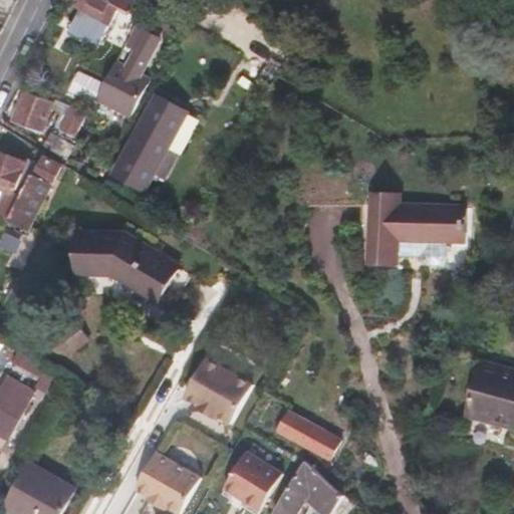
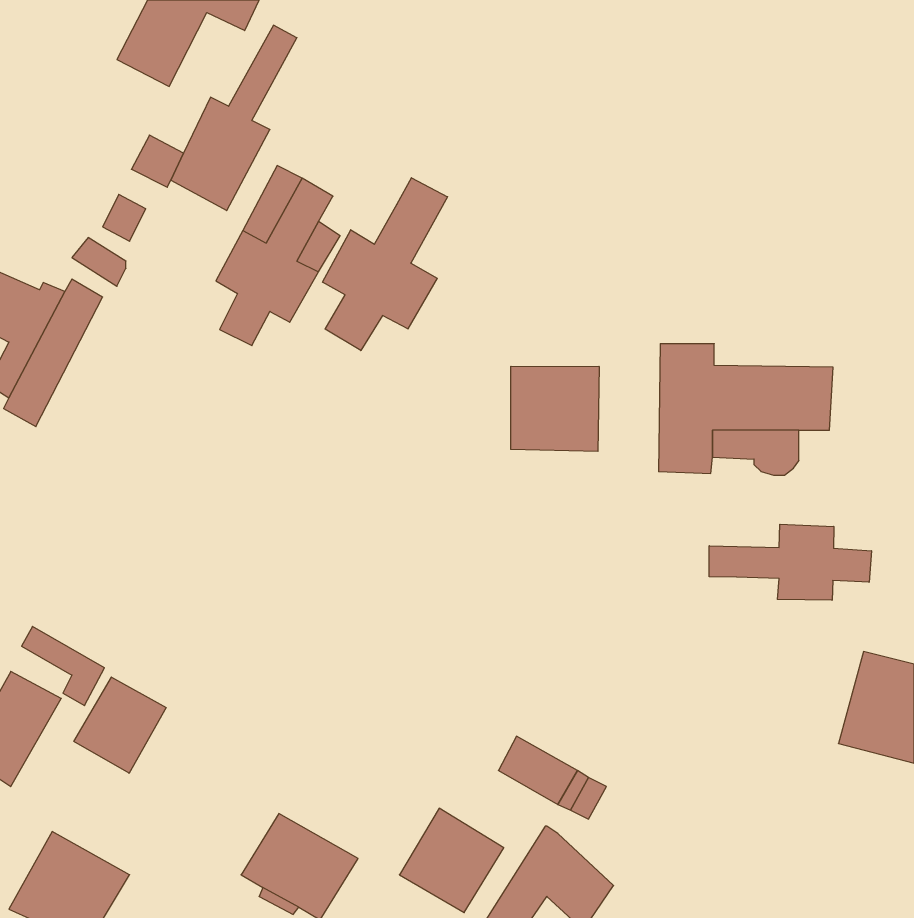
building: [11,92,51,132] -> none
building: none -> [323,178,448,351]
building: none -> [511,366,599,451]
building: [77,229,179,302] -> none
building: none -> [709,524,871,600]
building: [182,357,252,423] -> none
building: none -> [74,677,166,773]

